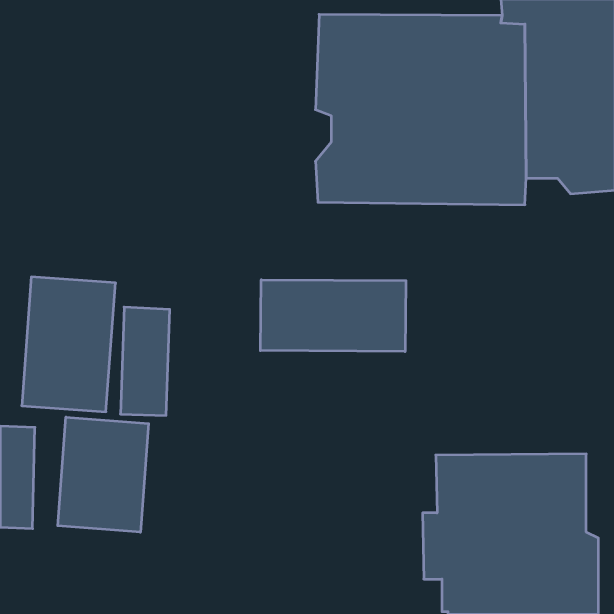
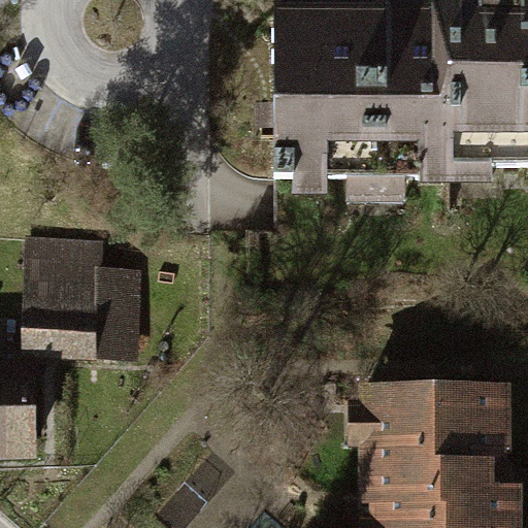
building: [260,280,406,352] -> none
building: [58,417,149,532] -> none

